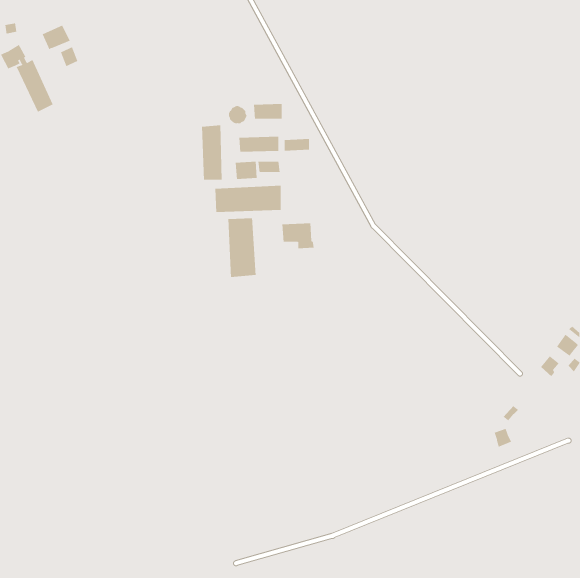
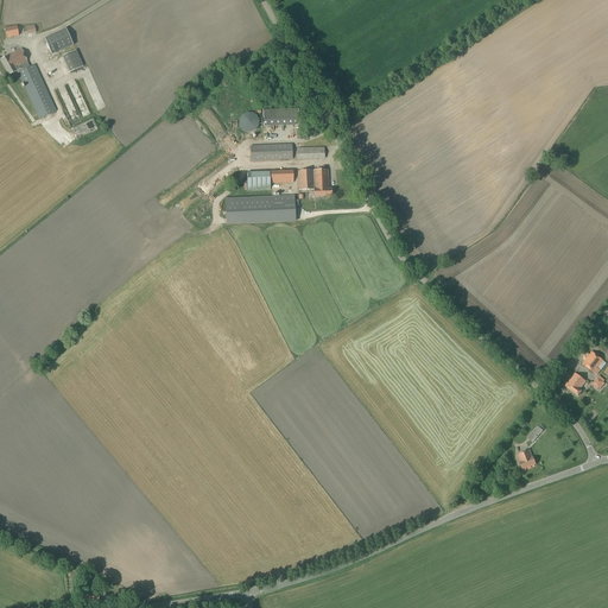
building: [201,124,222,181] -> none
building: [228,217,256,278] -> none
building: [282,223,314,249] -> [297,167,331,195]

